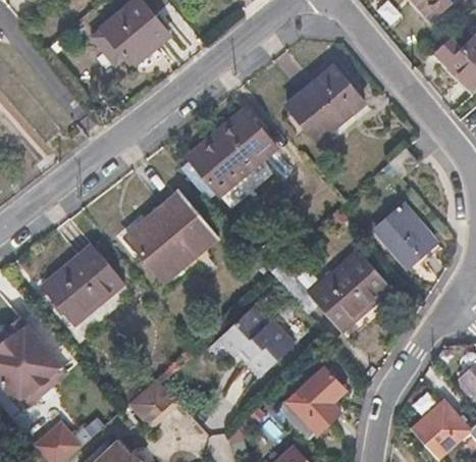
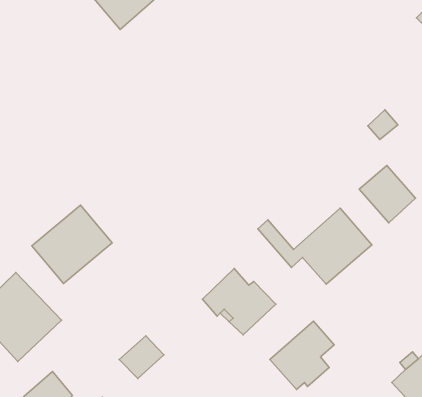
building: [287,64,364,141] -> none
building: [191,109,278,195] -> none
building: [126,192,215,280] -> none

